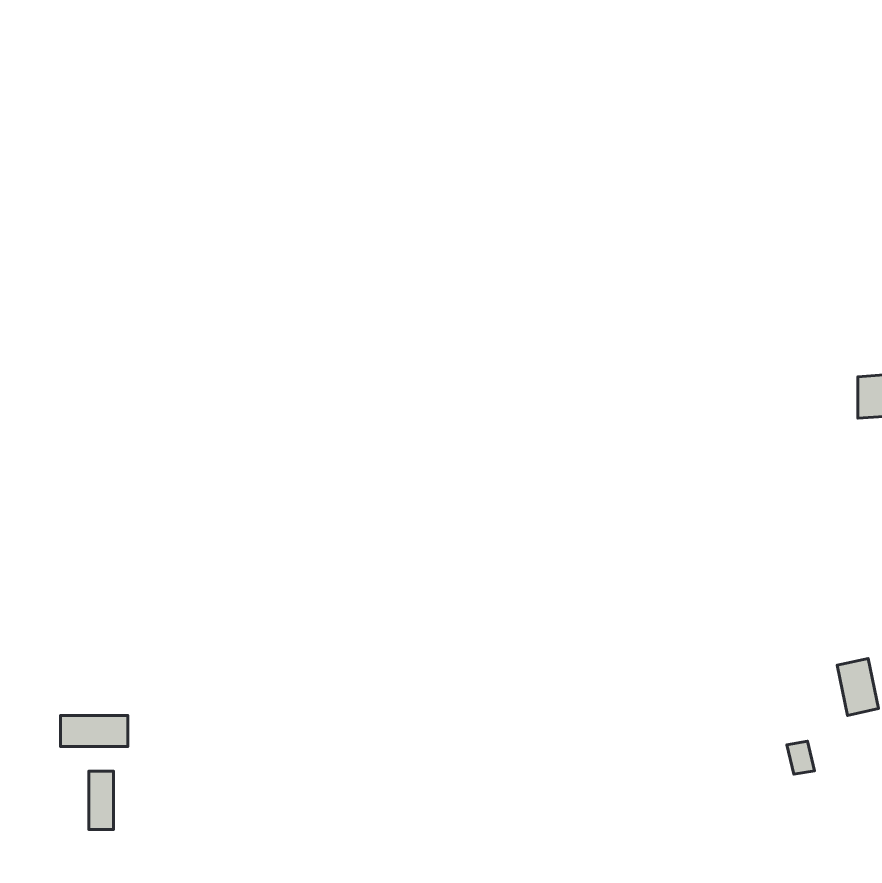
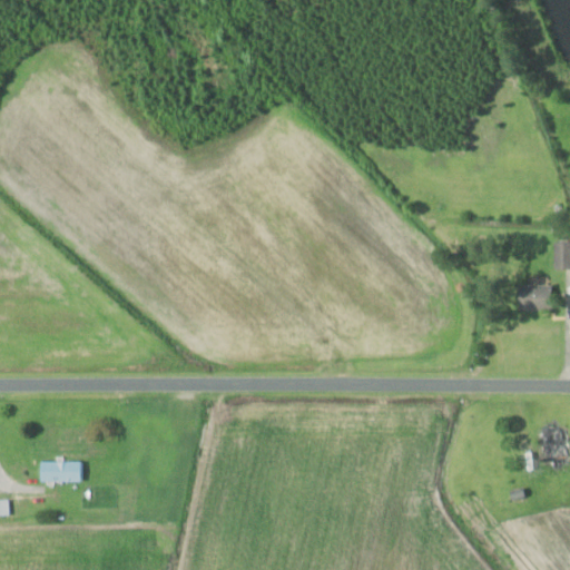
building: none -> [519,284,551,309]
building: [89,771,113,829] -> none

